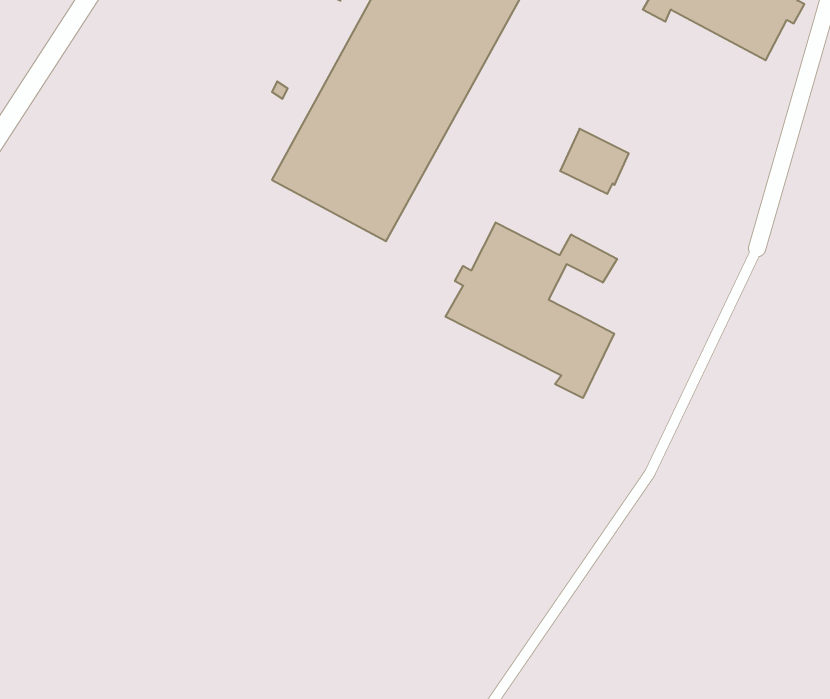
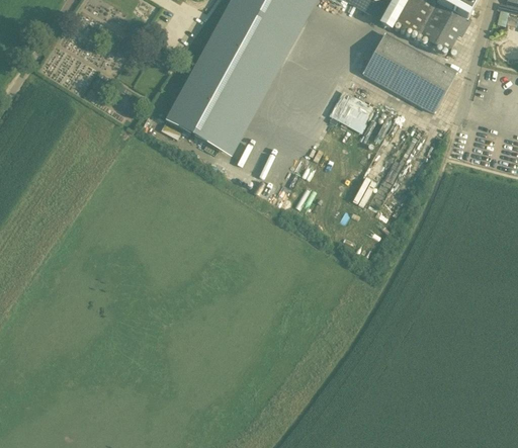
building: none -> [364,32,457,111]
building: [446,222,617,398] -> none

